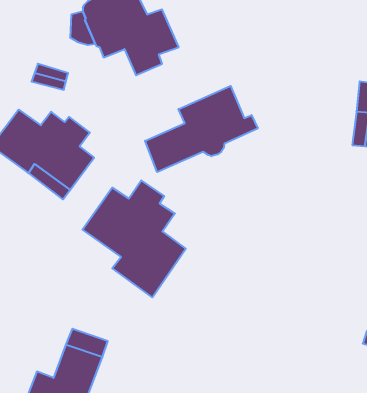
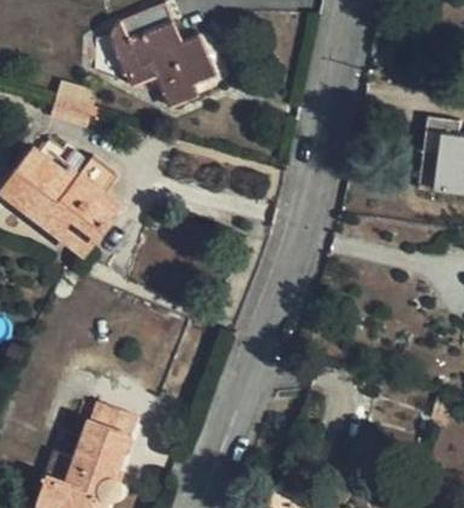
building: [145,86,258,172] -> none
building: [82,180,186,297] -> none

